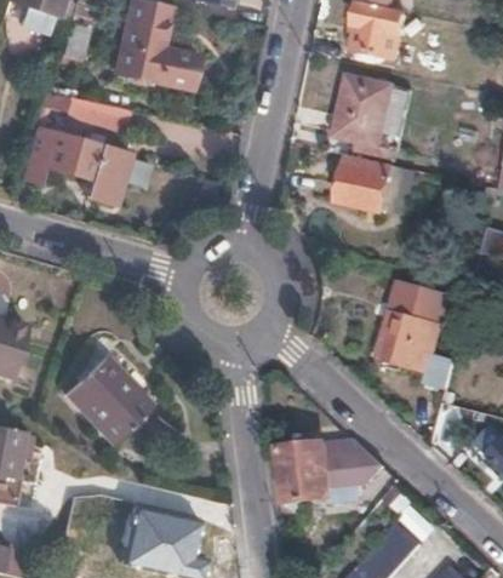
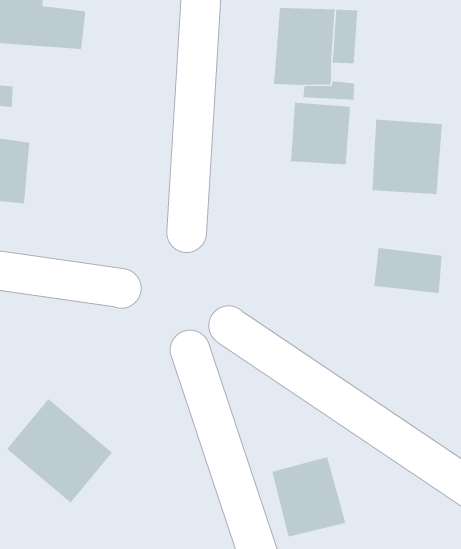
building: none -> [372,119,443,195]
building: [373,311,439,373] -> none
building: [327,441,400,503] -> none

